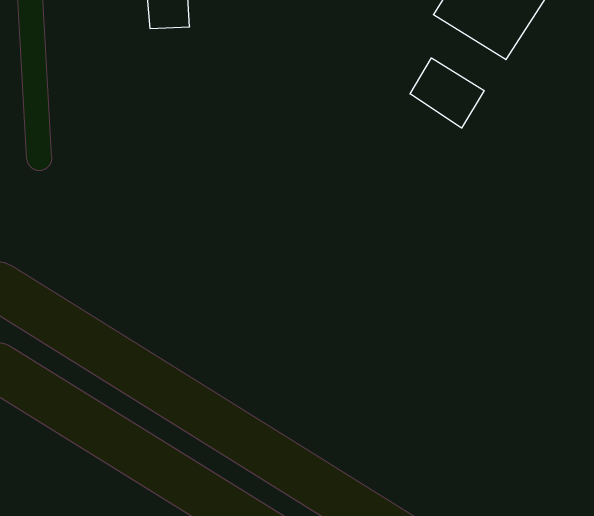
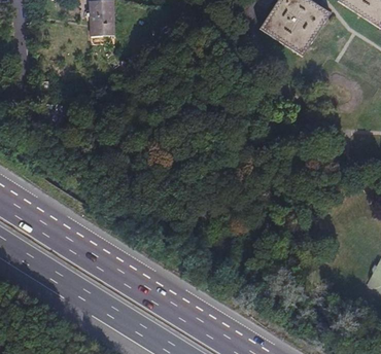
building: [410,58,484,128] -> none

